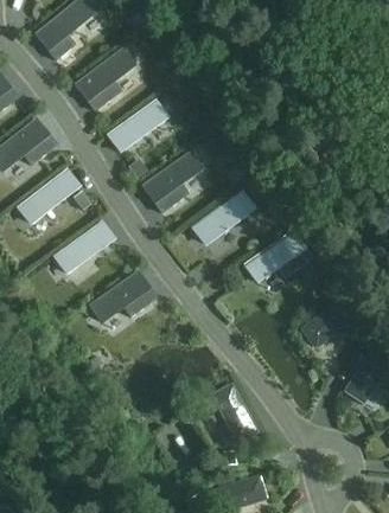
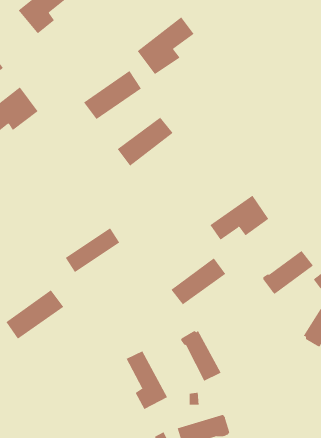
building: [76,46,139,110] -> [137,16,195,75]
building: [21,171,81,224] -> none
building: [192,194,253,246] -> [171,257,226,305]
building: [53,220,117,275] -> [6,290,64,340]
building: none -> [126,350,168,410]

